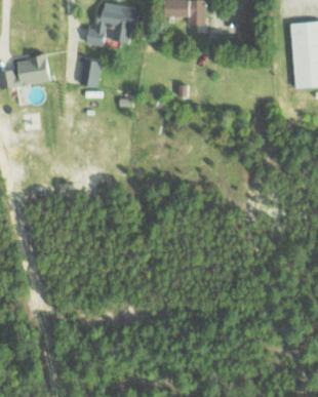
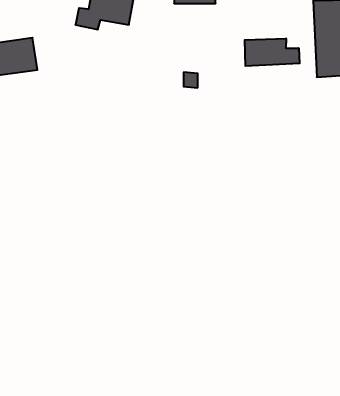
building: none -> [245,38,300,66]
building: [81,59,104,88] -> none

